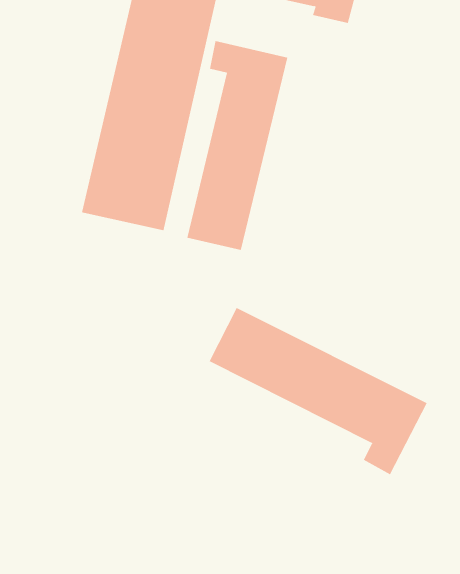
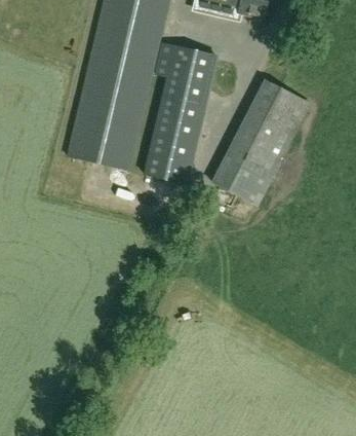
building: none -> [213,80,309,205]
building: [209,307,427,475] -> none

